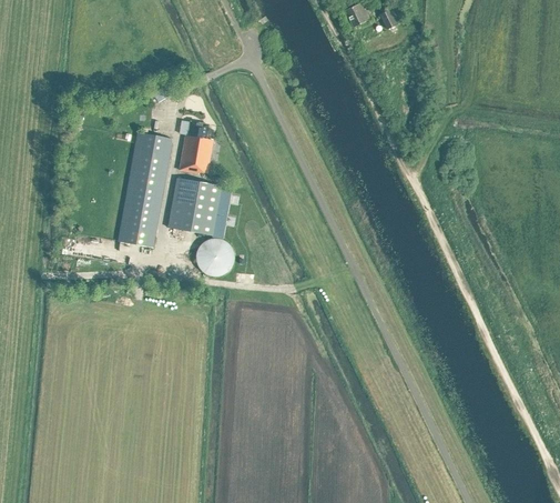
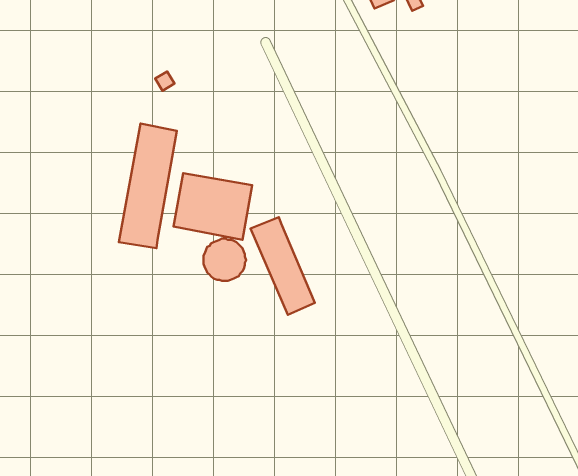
building: [179,120,212,172] -> none
building: none -> [251,217,315,315]

